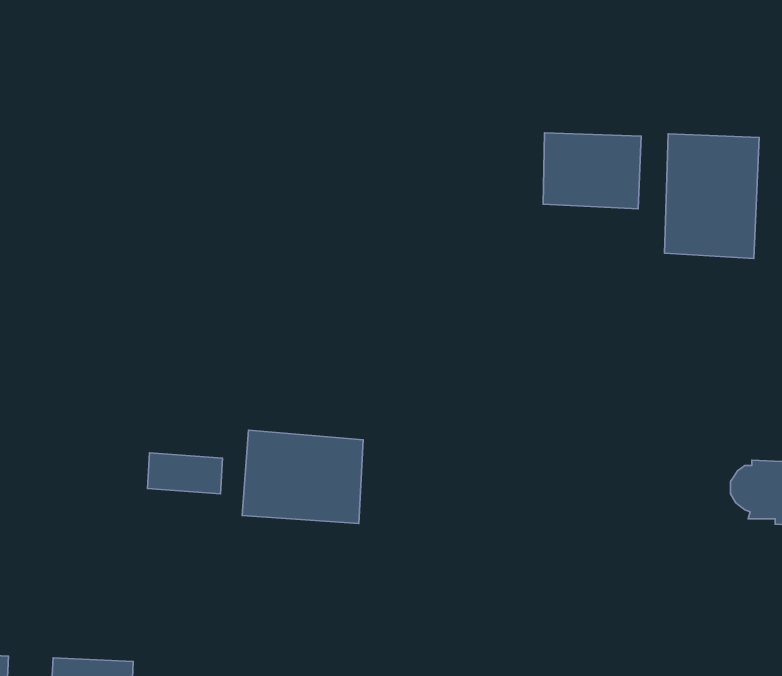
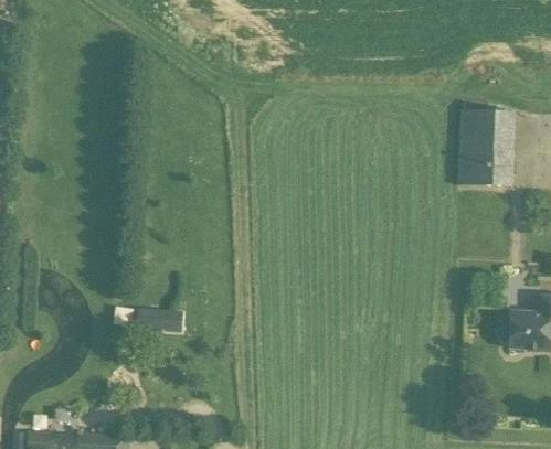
building: [543,133,641,209] -> none
building: [242,430,363,523] -> none

